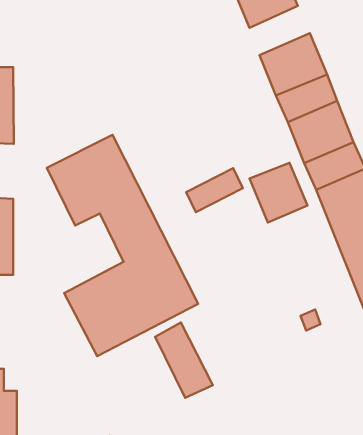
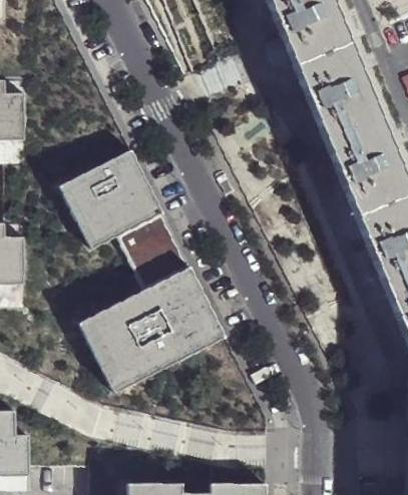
building: none -> [283,10,349,64]
building: [250,163,308,222] -> none
building: [186,168,243,212] -> none
building: [155,322,213,398] -> none

